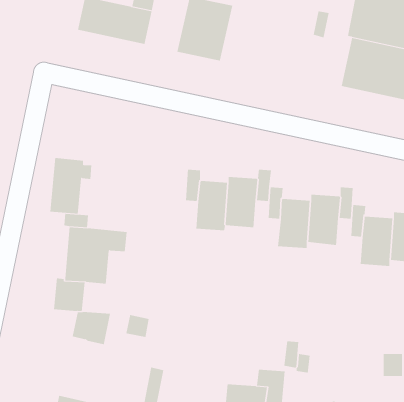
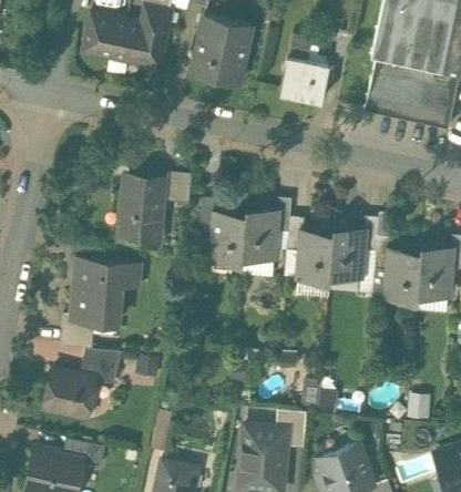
building: none -> [279,34,329,104]
building: [49,157,92,214] -> [123,178,168,238]
building: none -> [43,369,94,418]

